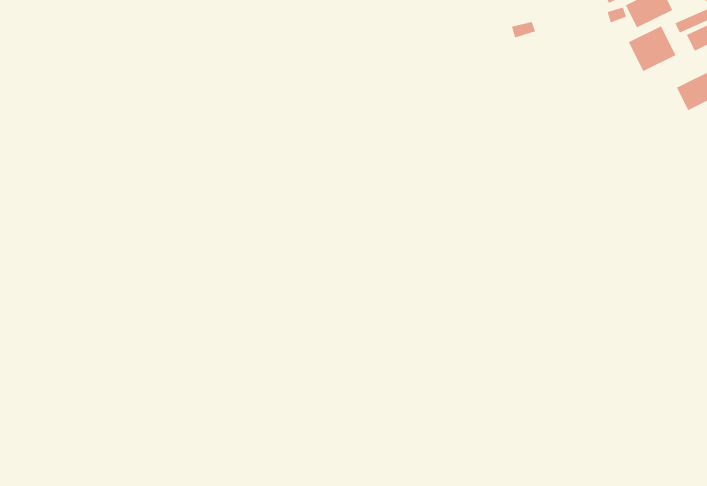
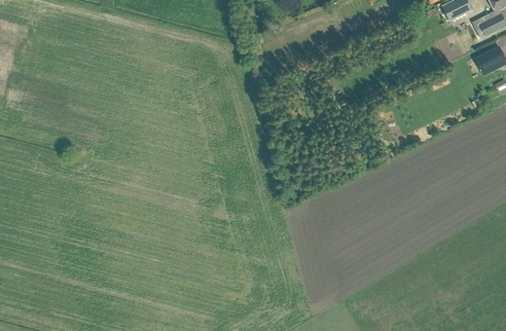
building: [628,26,676,72] -> none

